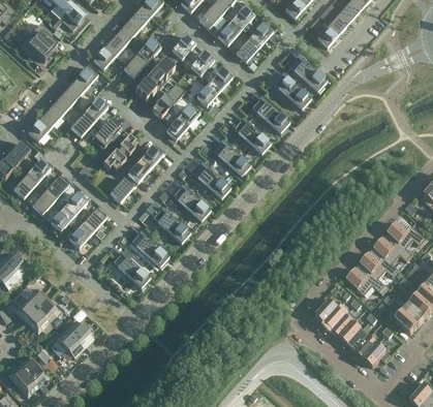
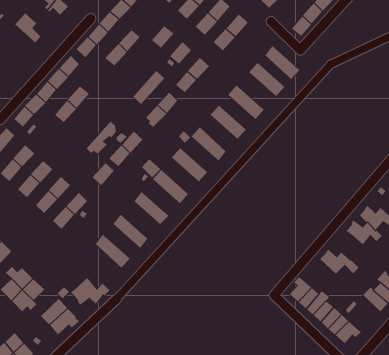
building: [18,34,50,61] -> none
building: [134,59,174,100] -> none
building: [91,118,120,149] -> none
building: [359,253,398,279] -> none
building: none -> [69,278,110,305]

